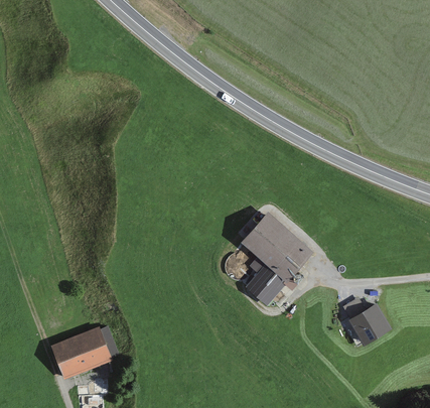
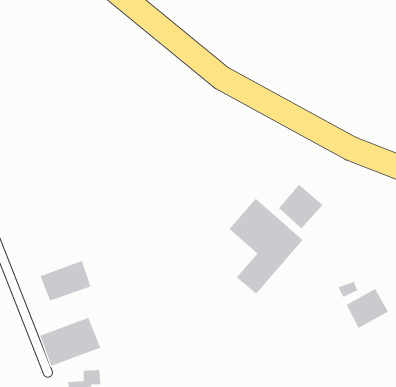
building: none -> [278,184,324,229]
building: none -> [40,260,91,302]

